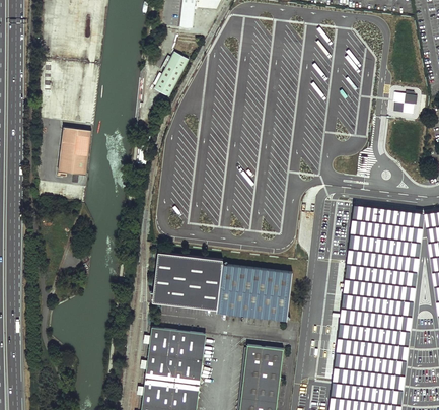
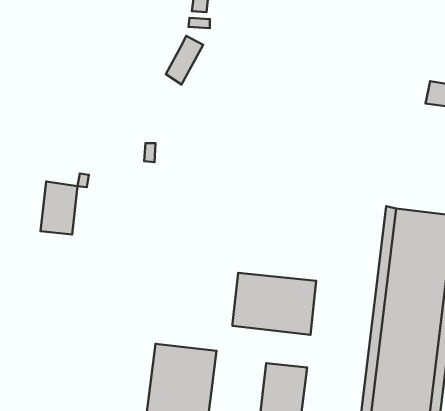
building: [57,126,90,174] -> [40,181,78,235]
building: [153,254,222,311] -> none

